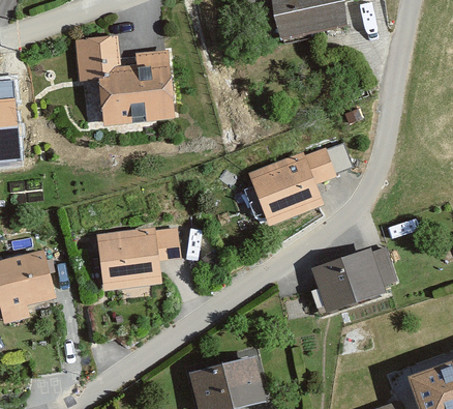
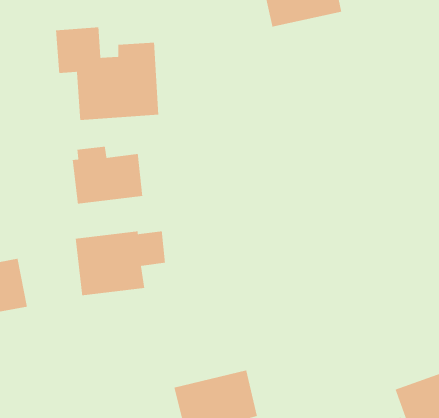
building: none -> [72,146,143,204]
building: [249,147,337,226] -> none
building: [312,246,398,314] -> none

